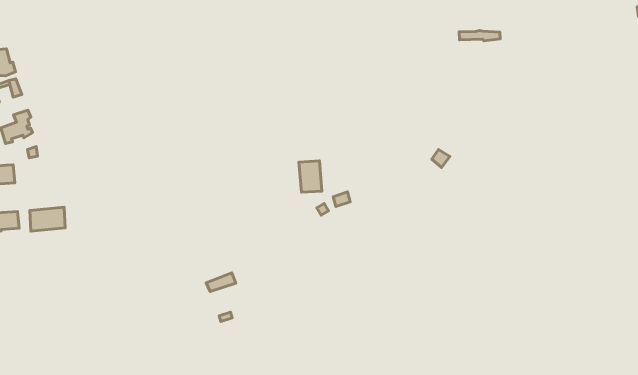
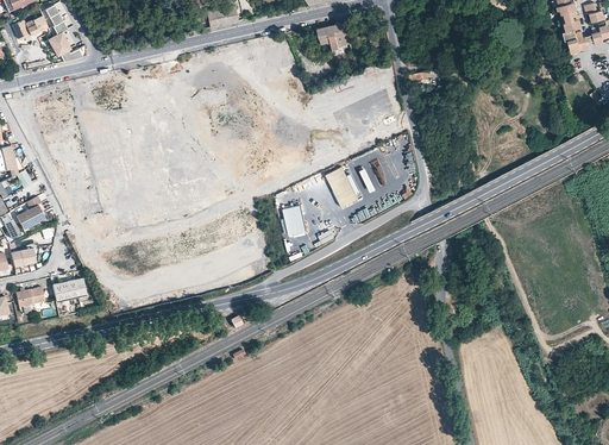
building: none -> [326,167,357,207]

